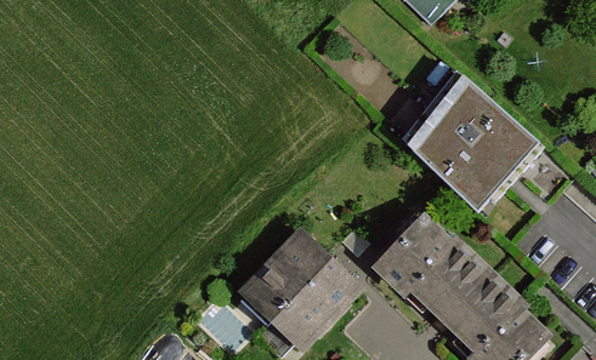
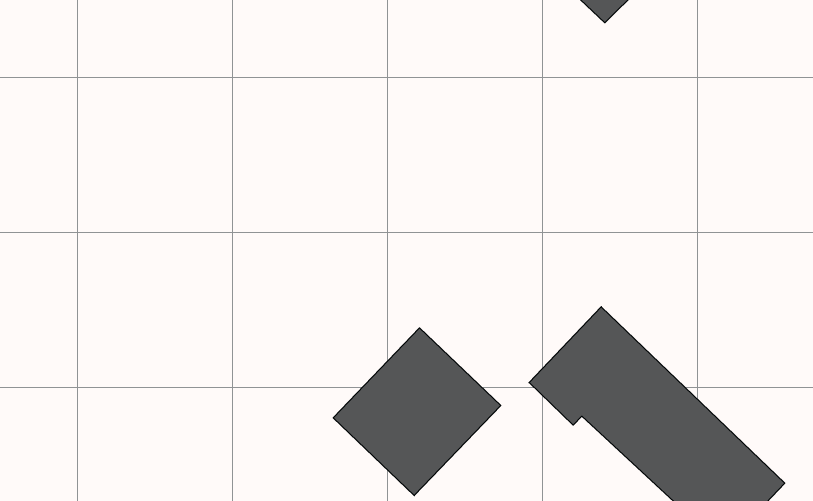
building: [408,75,540,211] -> none

